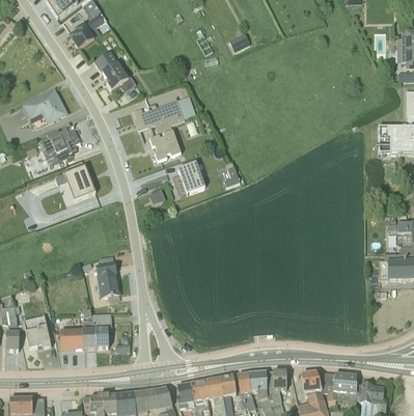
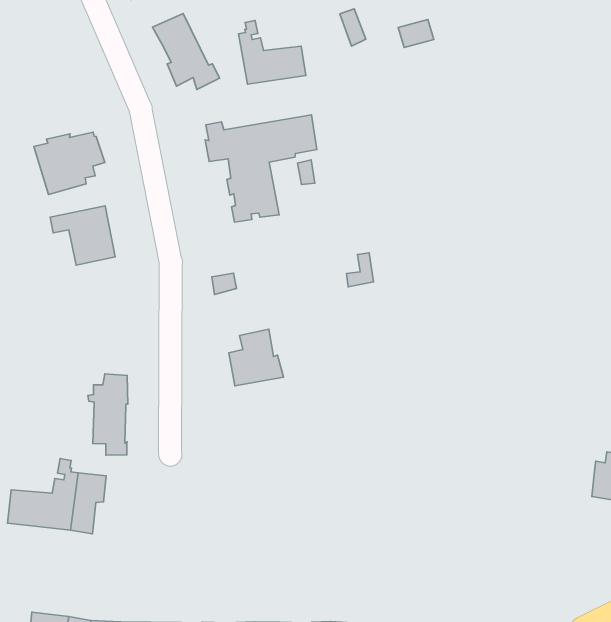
building: none -> [239,20,306,84]
building: [23,89,67,123] -> none
building: [173,162,205,196] -> [229,329,283,386]

